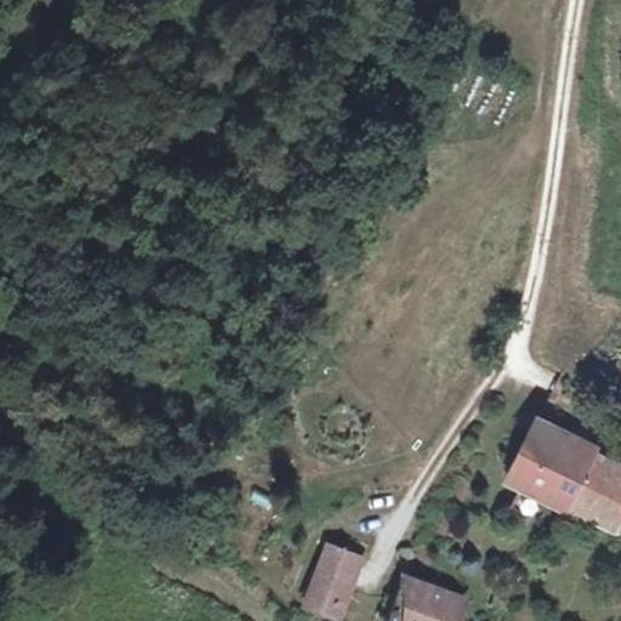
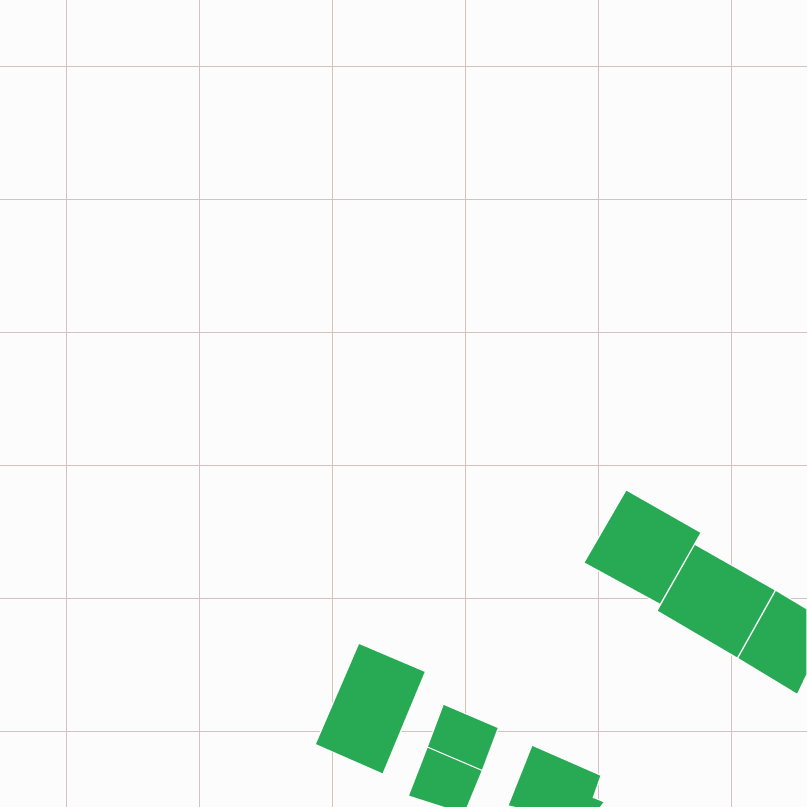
building: none -> [584,490,701,605]
building: none -> [315,643,425,774]

